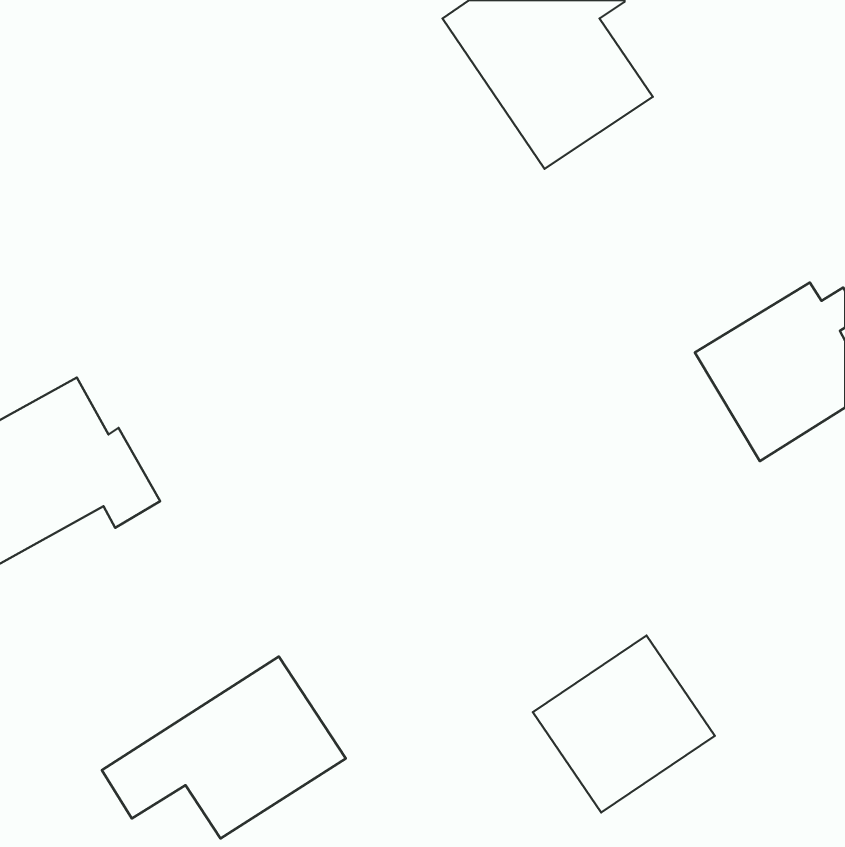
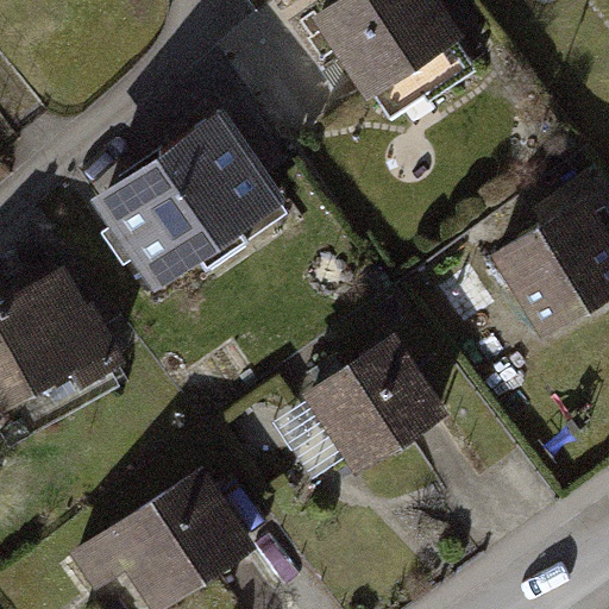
building: none -> [102,109,275,280]
building: [533,635,715,813] -> [313,340,442,466]

